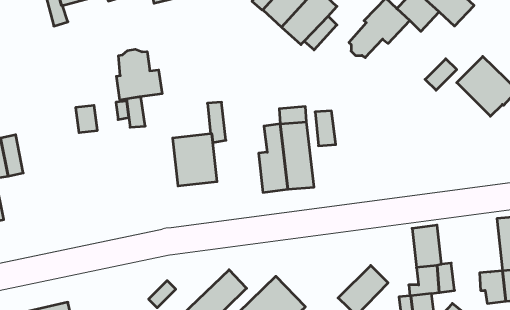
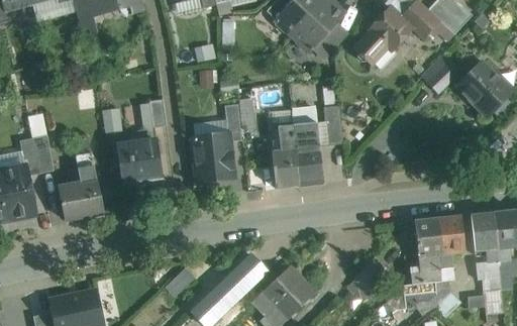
building: [116,49,162,100] -> none
building: none -> [117,140,162,182]
building: none -> [60,153,103,220]
building: none -> [471,212,498,261]
building: none -> [437,216,466,254]

